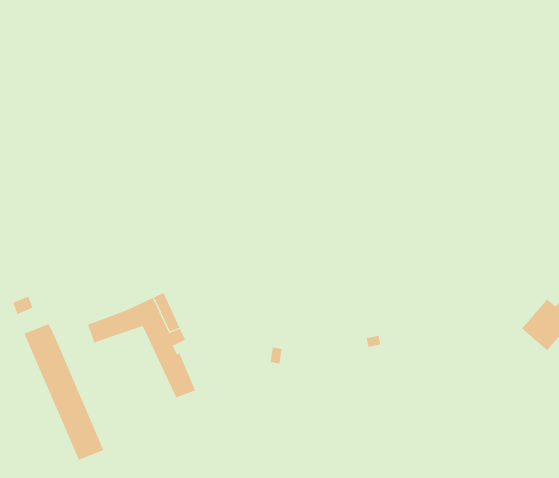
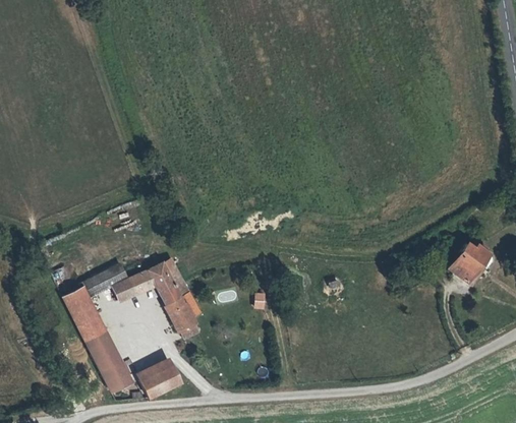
building: none -> [80,263,128,298]
building: none -> [139,363,181,398]

